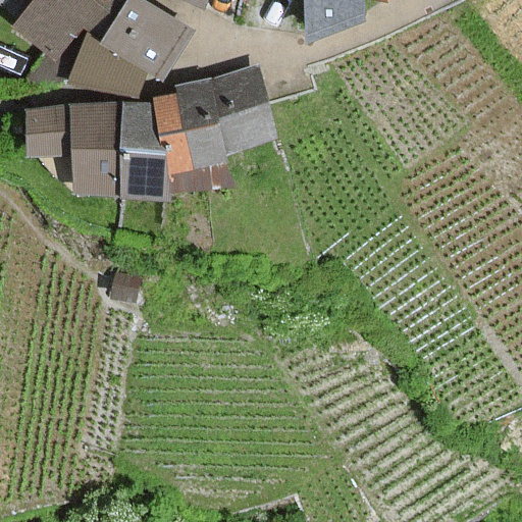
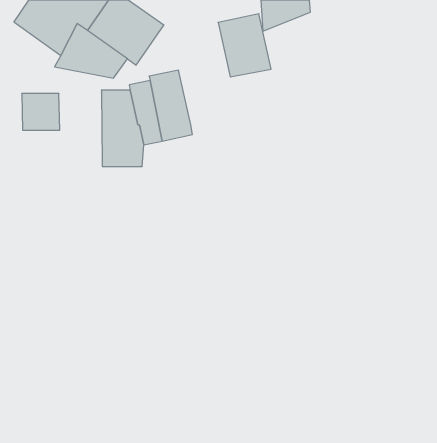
building: [210,72,272,147] -> [218,14,271,77]
building: [69,109,120,192] -> none

